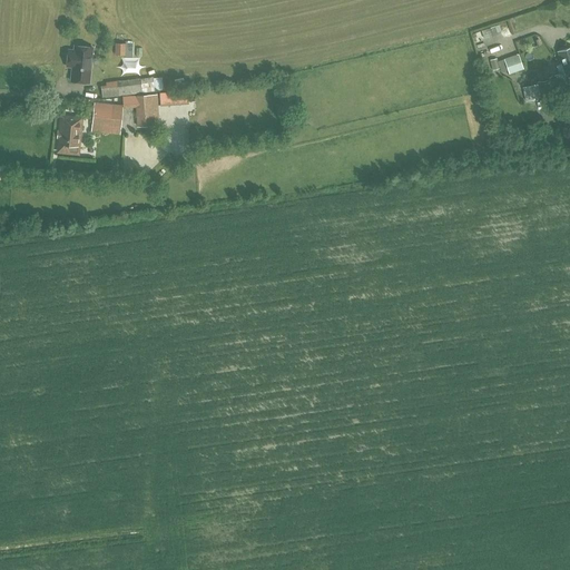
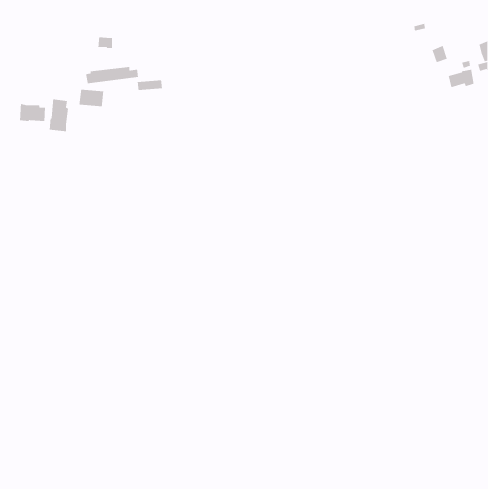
building: [66,46,91,82] -> none
building: [122,97,159,129] -> none
building: none -> [19,103,46,122]

